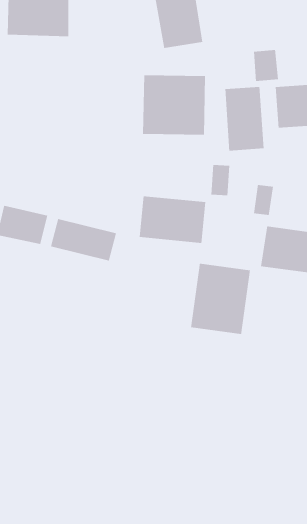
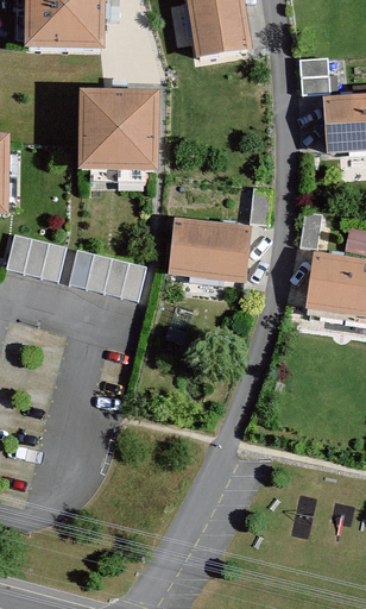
building: [142,75,206,135] -> [71,98,144,167]
building: [225,86,264,151] -> none
building: [190,263,251,335] -> none

